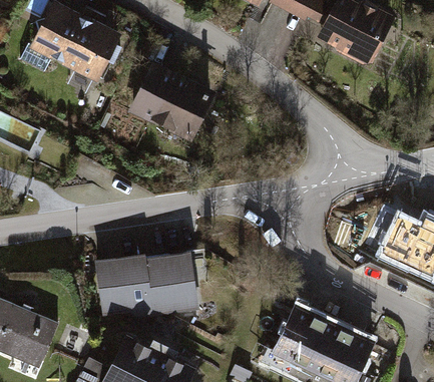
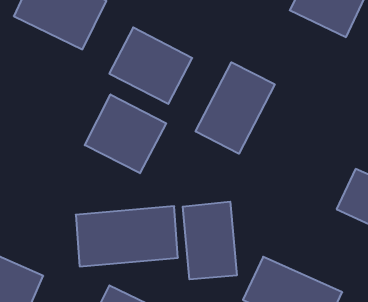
building: none -> [196,62,275,154]
building: none -> [85,94,166,173]
building: none -> [183,202,237,279]

